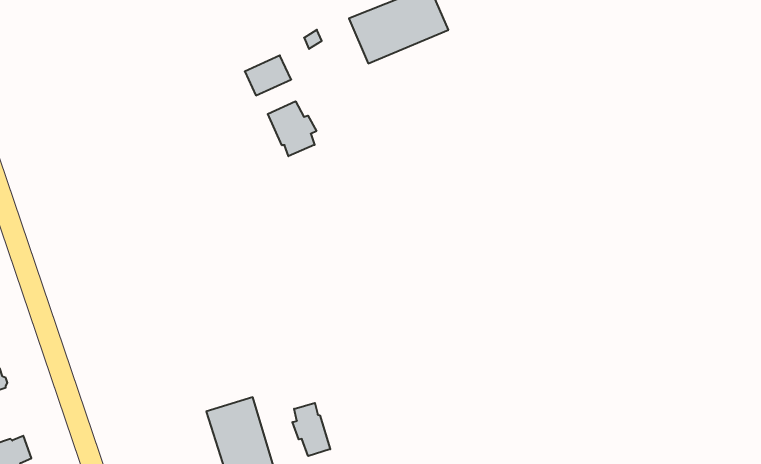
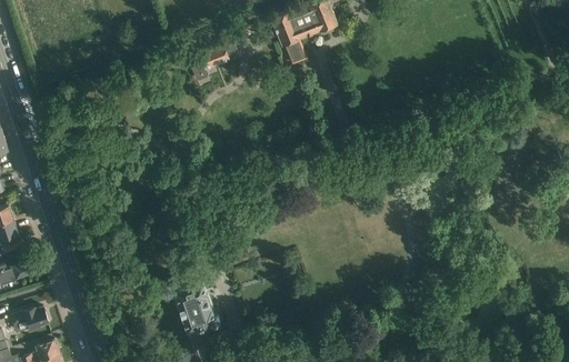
building: [268,101,316,156] -> none
building: [292,403,330,456] -> none

